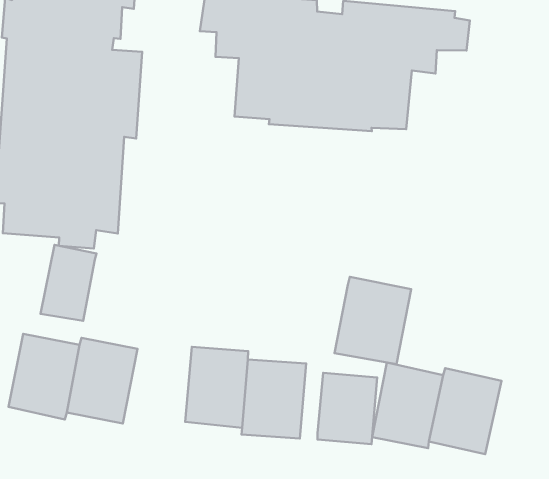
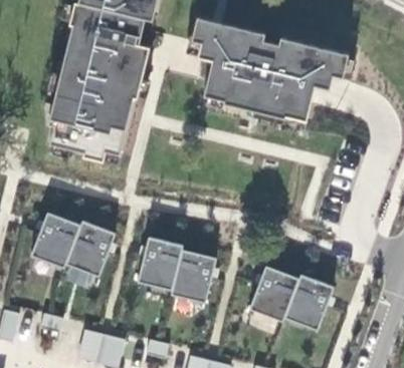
building: [41,245,97,321] -> none
building: [335,277,411,364] -> none
building: [318,373,377,444] -> none

